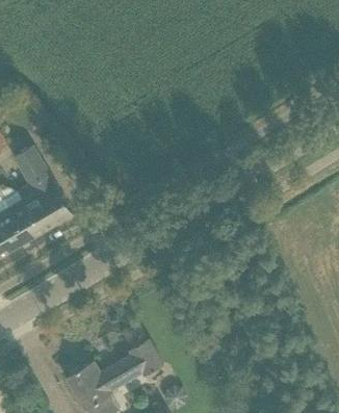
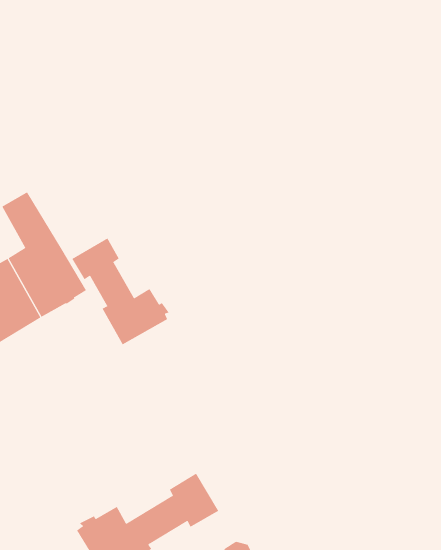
building: none -> [71,237,169,345]

